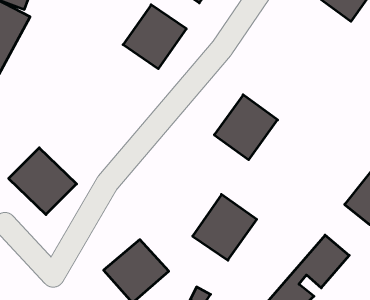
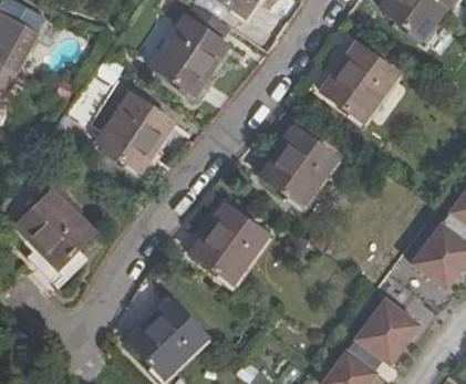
building: none -> [322,42,398,120]
building: none -> [95,92,173,170]
building: [193,194,257,260] -> [191,205,268,283]

